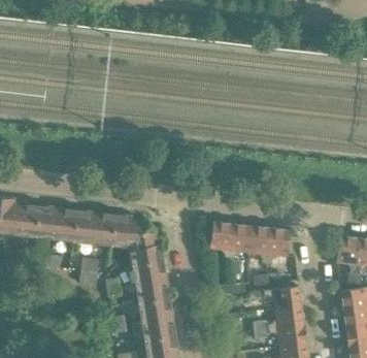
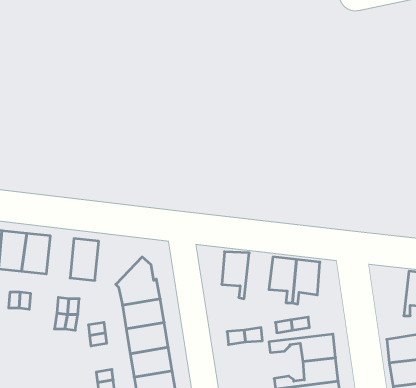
building: [72,209,94,242] -> none
building: [110,214,147,248] -> none
building: [228,223,251,259] -> none
building: [336,235,358,272] -> none

